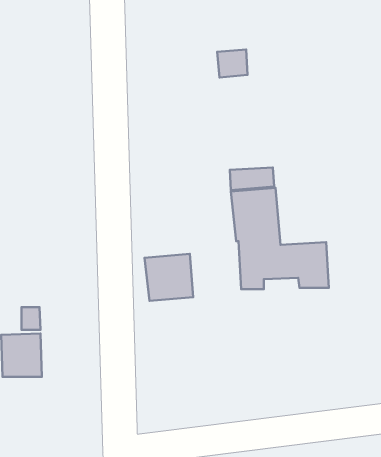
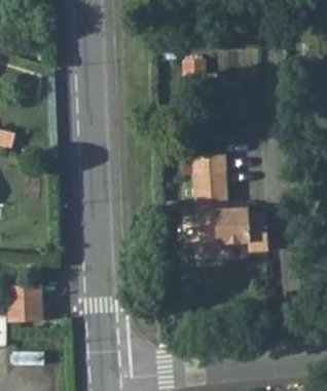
building: [145,254,193,301] -> none

